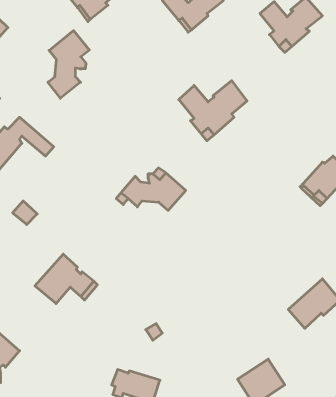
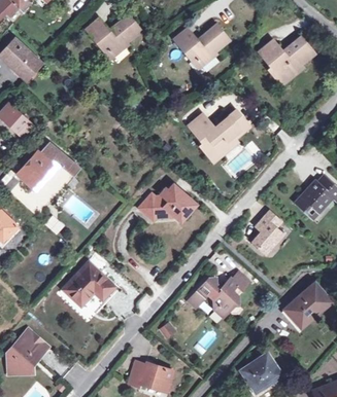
building: [48,31,89,98] -> none
building: none -> [252,212,280,252]
building: none -> [188,272,249,317]

